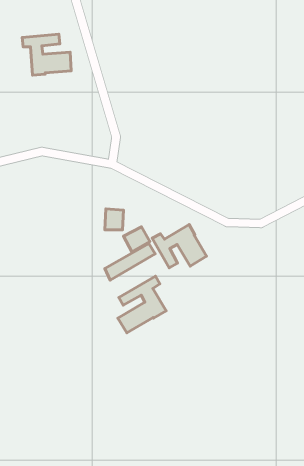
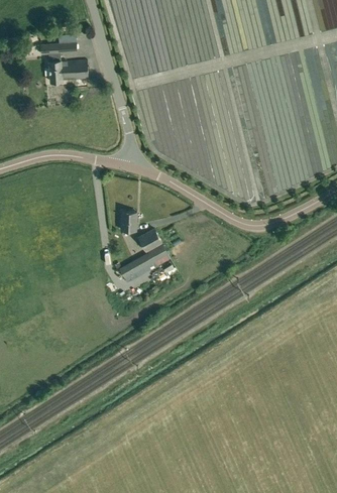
building: [152,225,206,268] -> none
building: [118,276,166,333] -> none

